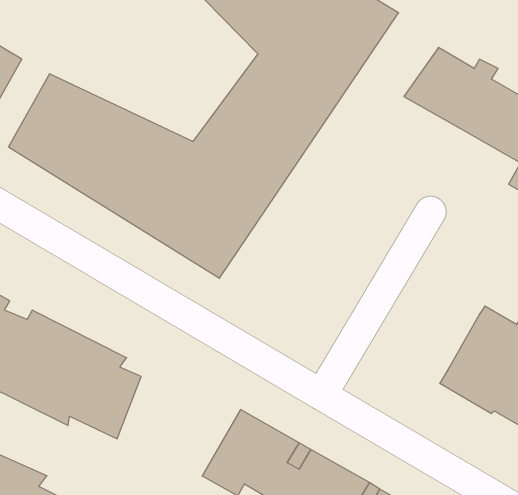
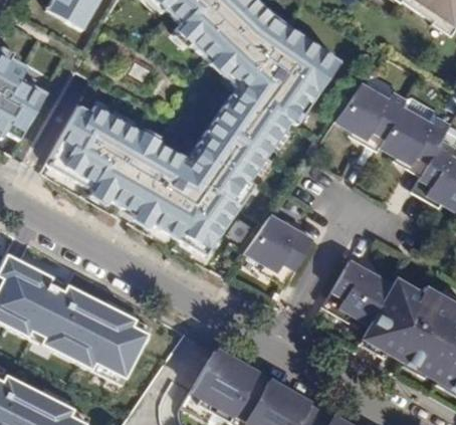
building: none -> [247,214,316,284]
building: none -> [325,258,396,323]

